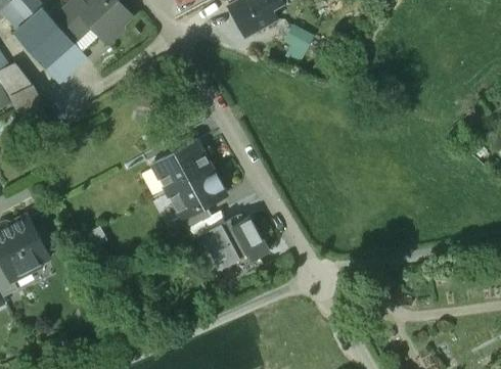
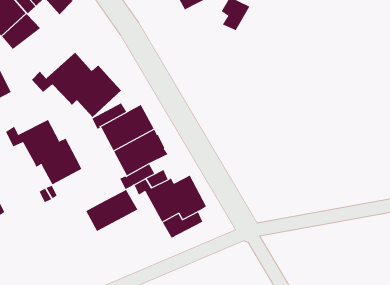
building: none -> [31,52,122,118]
building: none -> [5,119,82,185]
building: none -> [85,189,138,232]

